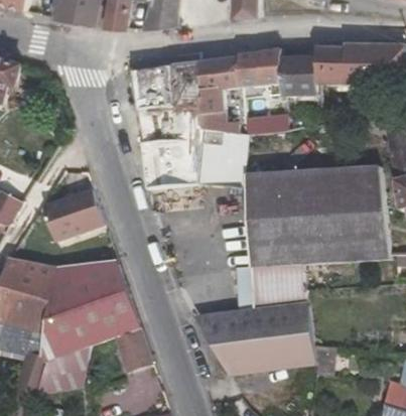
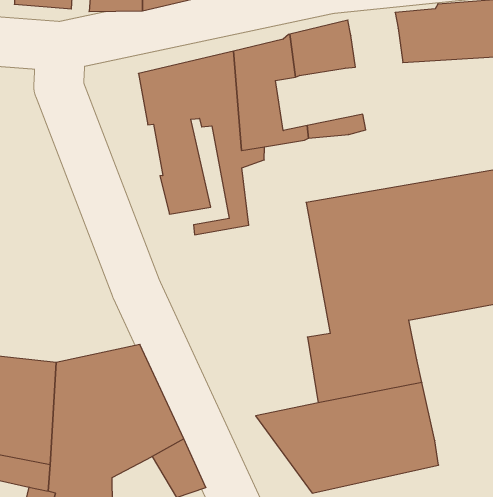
building: [284,57,319,94] -> none
building: [199,129,245,184] -> none
building: [40,188,105,242] -> none

